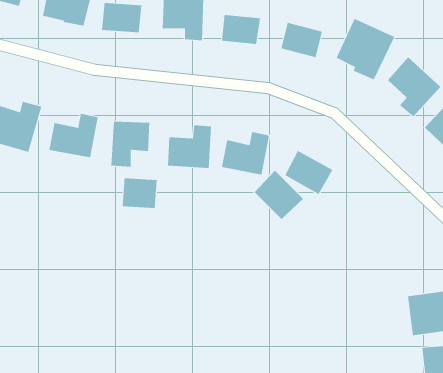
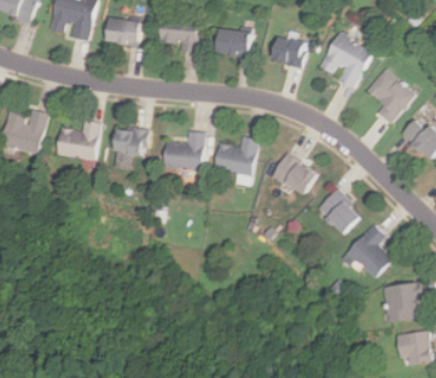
building: [254,170,304,220] -> [316,188,362,234]
building: [122,178,157,209] -> none
building: none -> [345,225,393,280]

